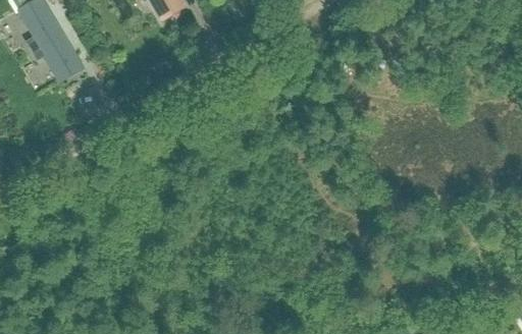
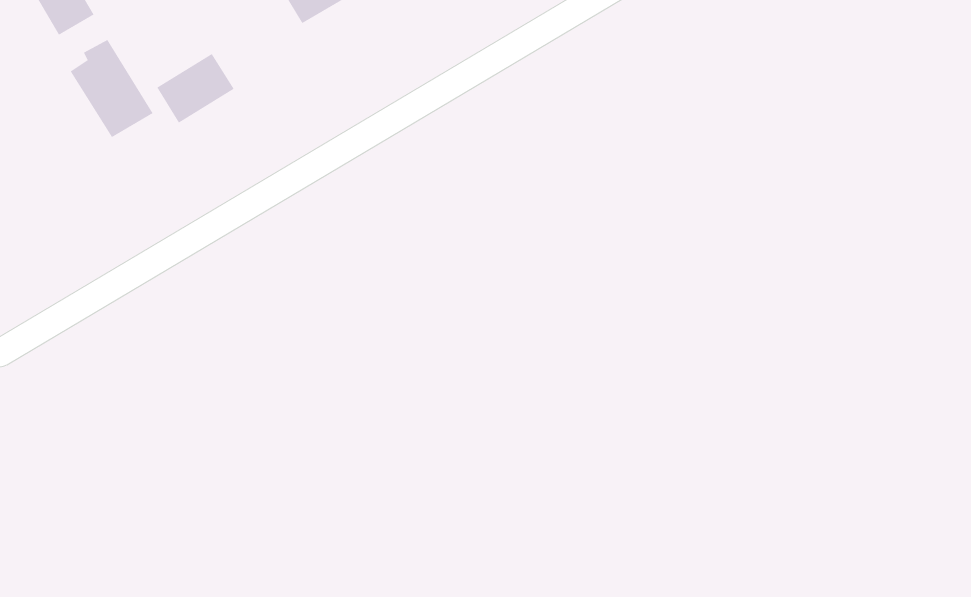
building: none -> [156,53,234,123]

